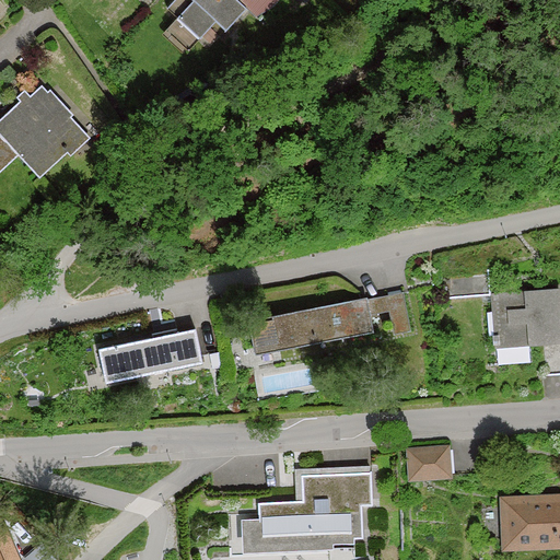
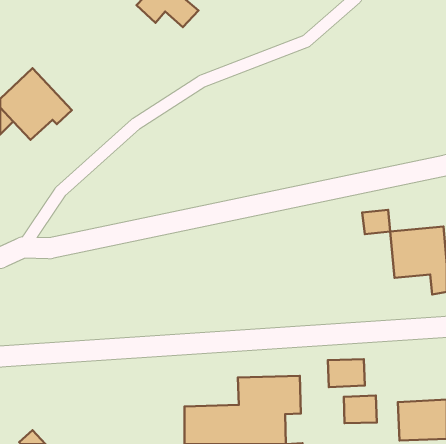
building: [273,288,411,353] -> none
building: [96,326,203,380] -> none
building: none -> [344,396,377,423]

